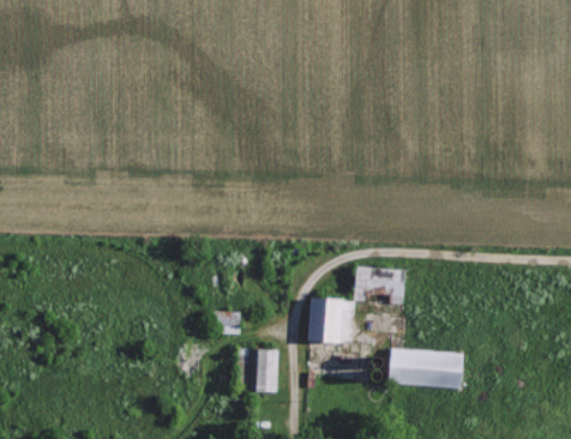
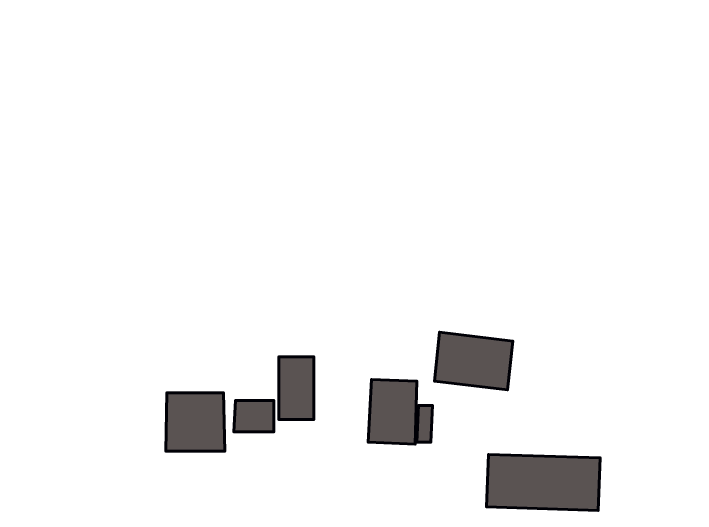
building: none -> [166,393,225,451]
building: [256,349,280,392] -> [279,357,314,420]

